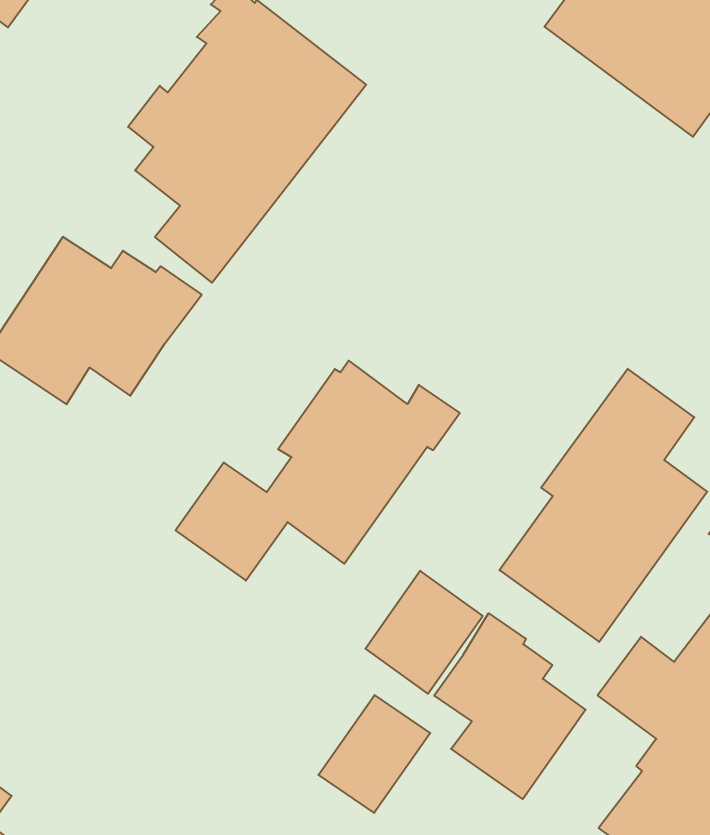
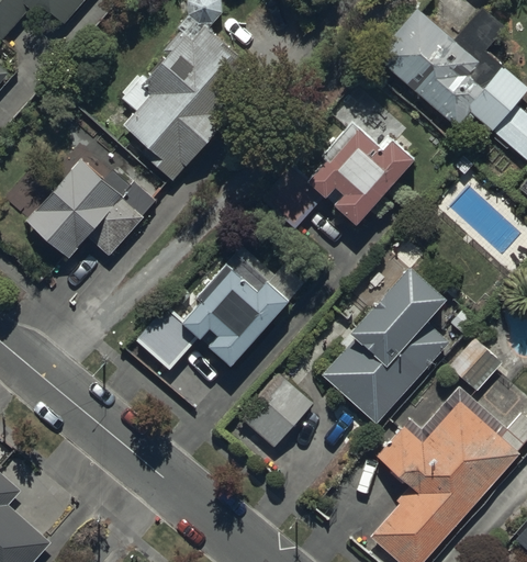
building: none -> [254,120,414,231]
building: [434,613,586,799] -> none
building: [318,695,430,813] -> none

